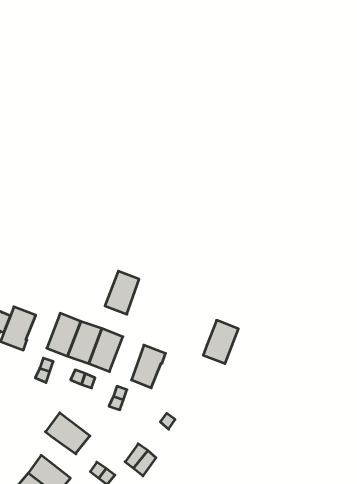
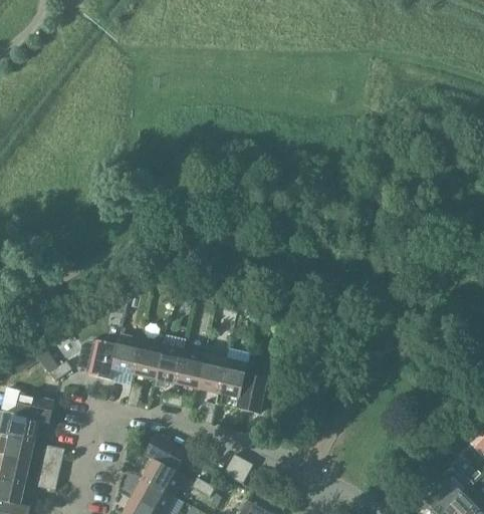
building: [105,271,139,314] -> [196,354,225,395]
building: none -> [111,335,141,375]
building: [203,320,238,364] -> [236,374,266,415]
building: none -> [142,461,184,497]

